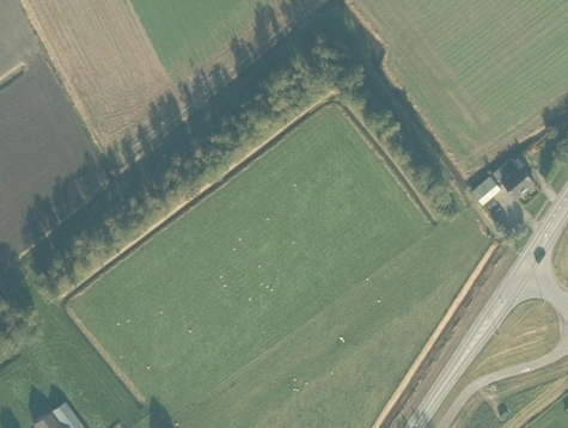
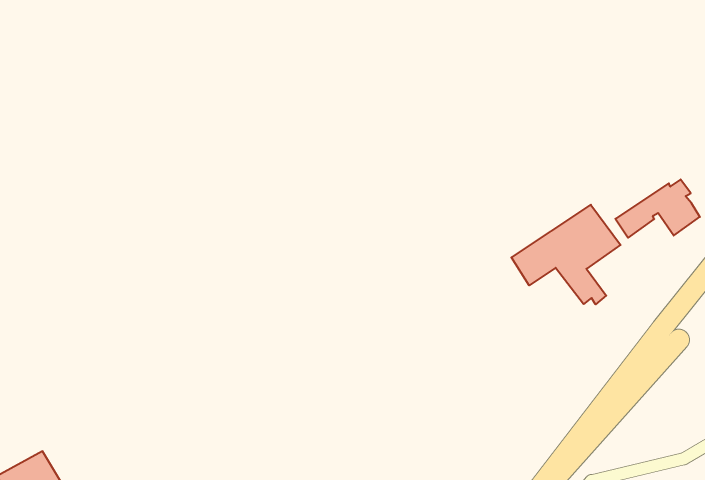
building: none -> [511,205,621,304]

